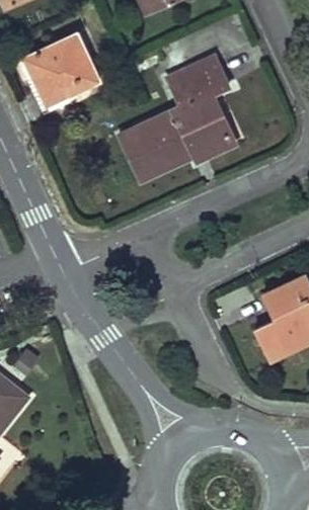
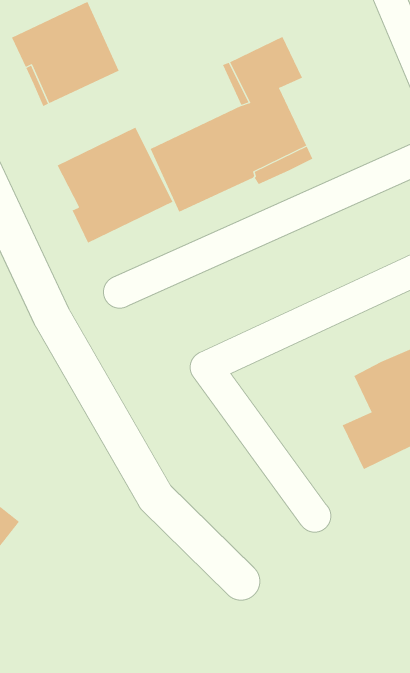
building: none -> [57,127,173,244]

